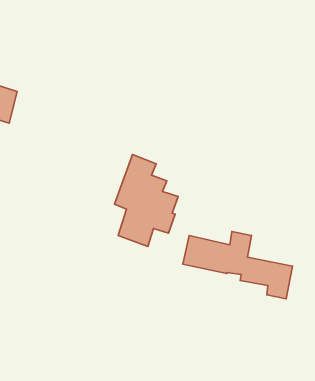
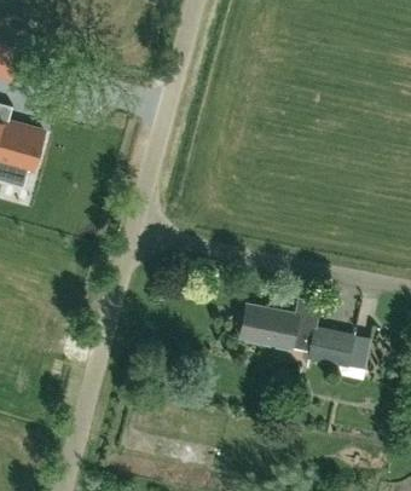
building: [114,155,178,247] -> none

